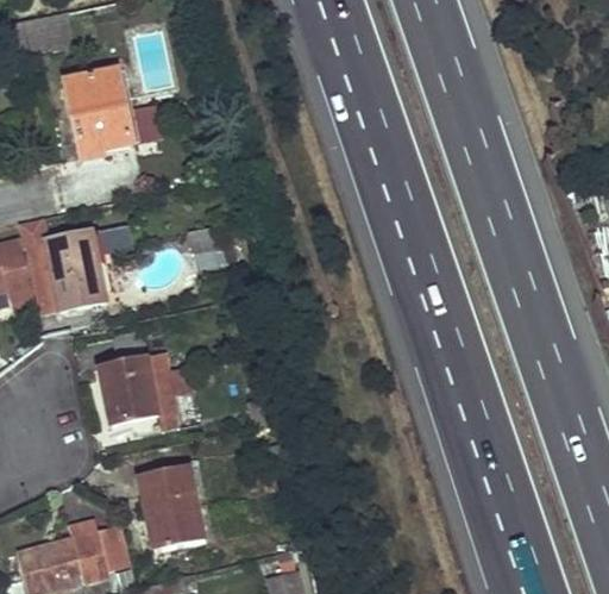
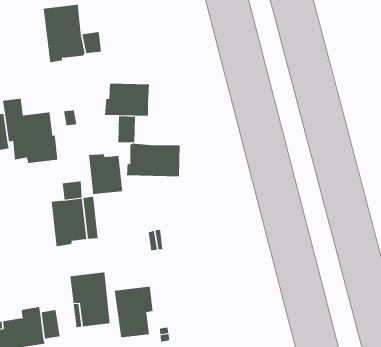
building: none -> [105,83,149,116]
building: none -> [127,143,180,177]
building: none -> [89,154,123,195]
building: none -> [114,286,153,338]

